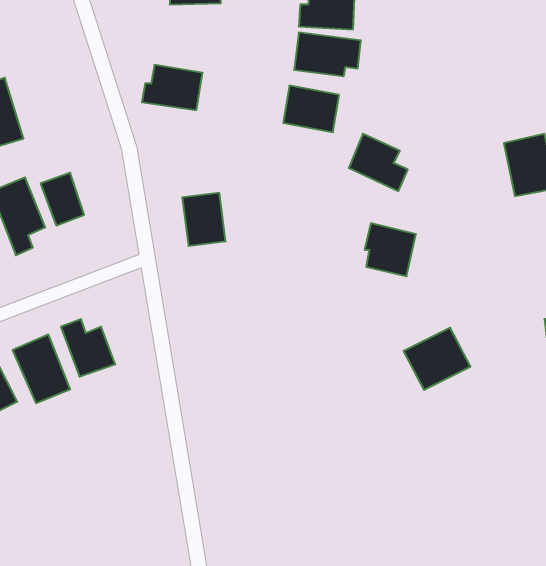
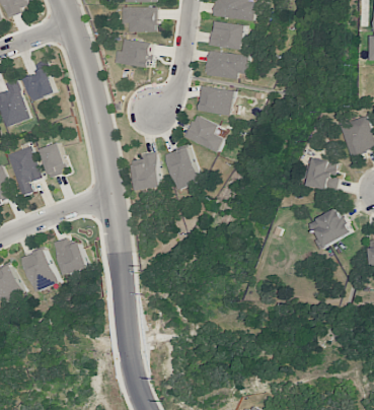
building: none -> [23,61,55,100]
building: [142,65,203,110] -> [114,39,153,68]
building: [349,134,408,191] -> [183,115,222,152]
building: none -> [164,146,200,190]
building: [365,223,416,276] -> [305,156,339,191]
building: [404,328,471,390] -> [307,208,351,249]

